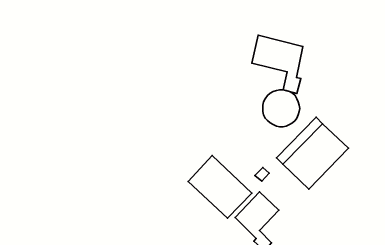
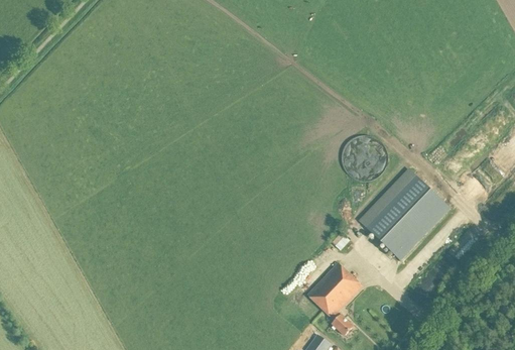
building: [252,35,303,93] -> none
building: [188,156,252,218] -> none

